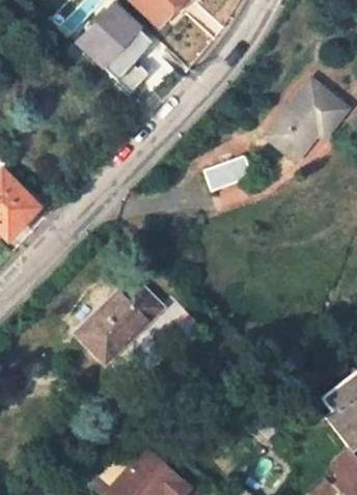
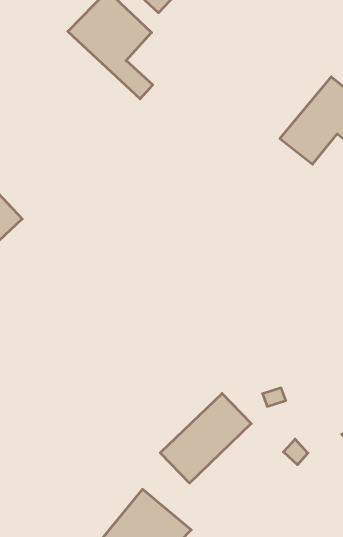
building: [205,158,252,191] -> none
building: [79,280,160,360] -> [160,393,251,483]

